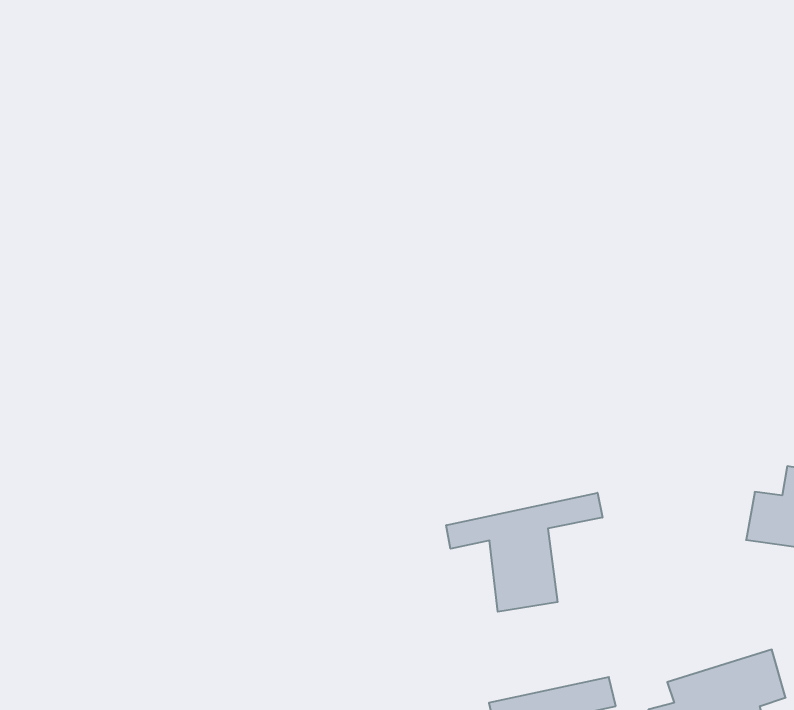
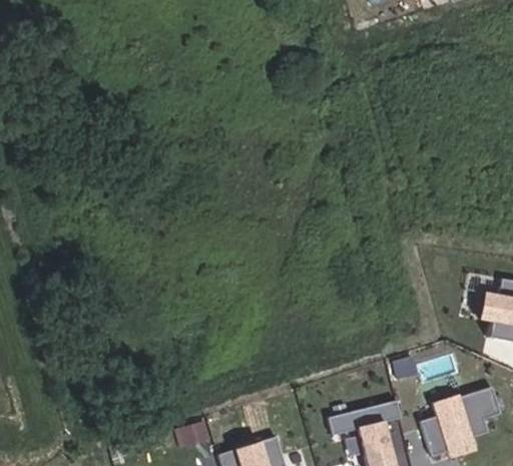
building: [446,493,602,612] -> none

